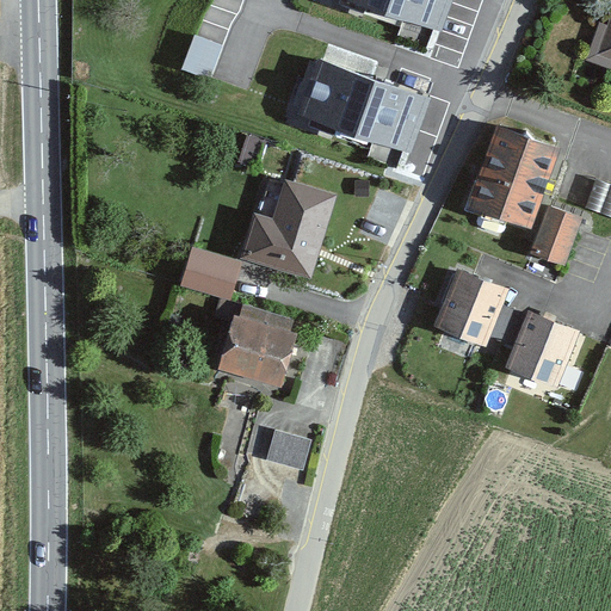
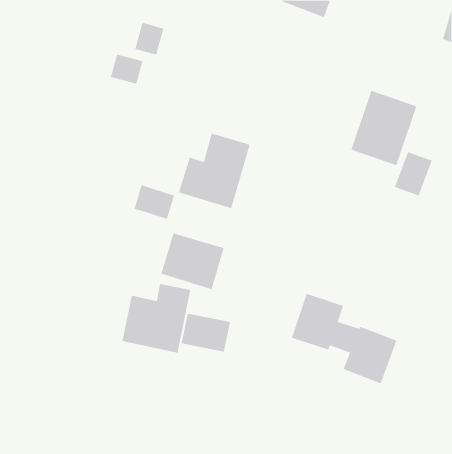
building: [298,60,424,146] -> none
building: none -> [110,54,143,84]
building: [434,267,576,389] -> [291,293,397,384]
building: none -> [122,283,191,354]

